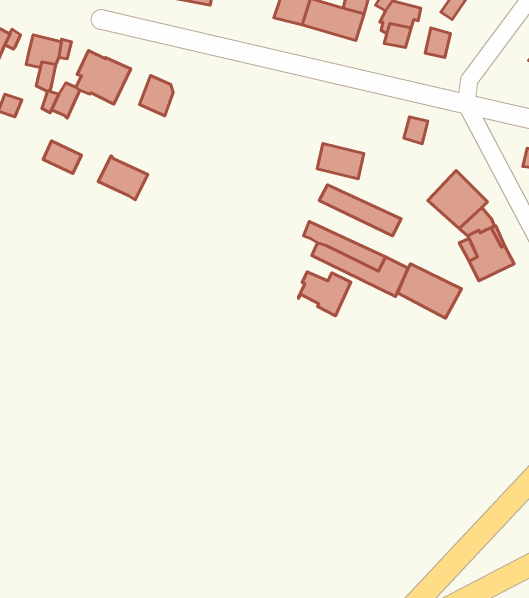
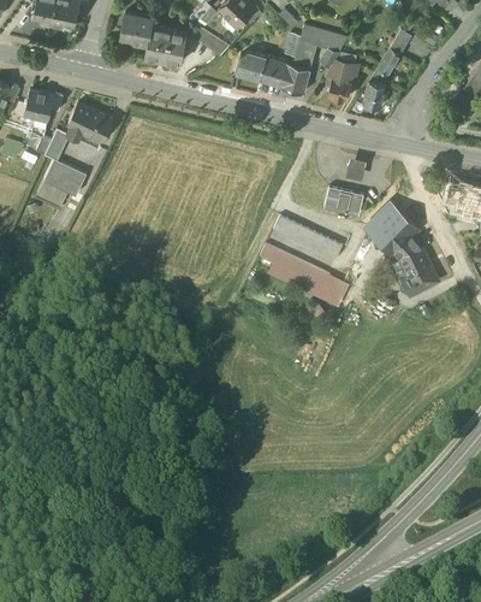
building: [140,76,173,116] -> none
building: [317,143,364,179] -> [323,183,363,213]
building: [98,156,148,200] -> [46,155,88,193]
building: [398,264,461,318] -> none
building: [298,272,351,316] -> none

